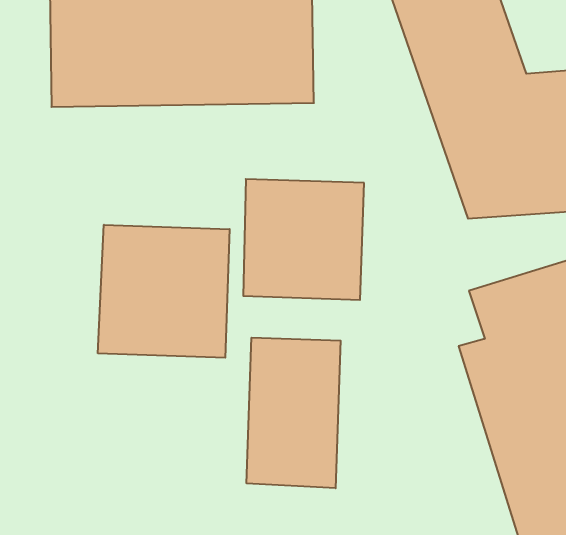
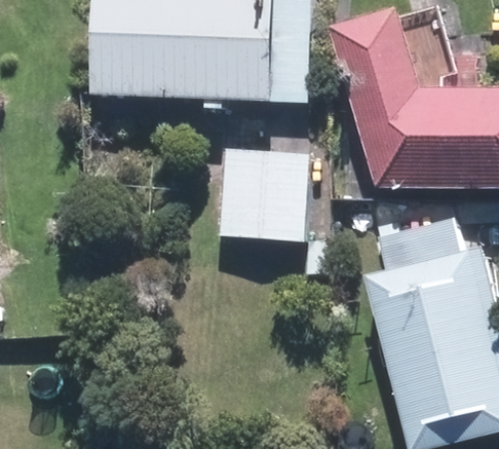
building: [98,225,230,358] -> none
building: [247,338,341,488] -> none

